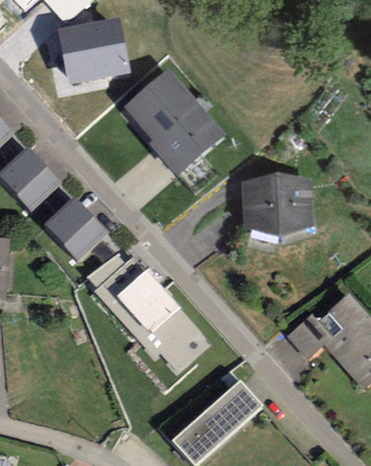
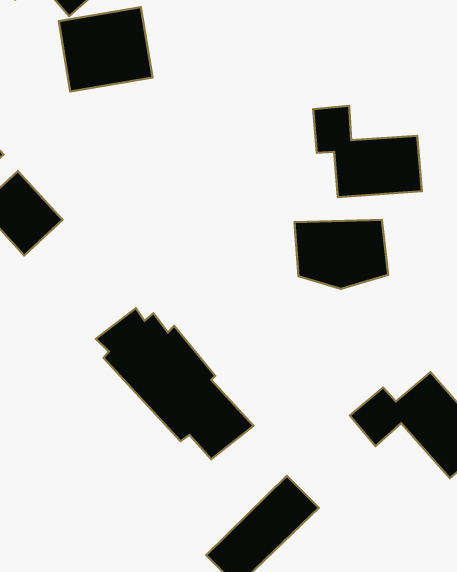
building: [122,72,222,174] -> none
building: none -> [313,106,422,197]
building: [44,193,107,258] -> none

